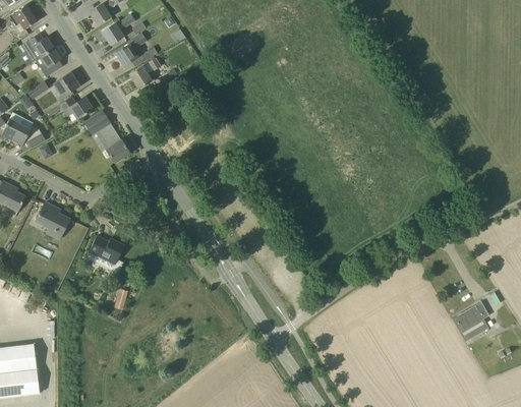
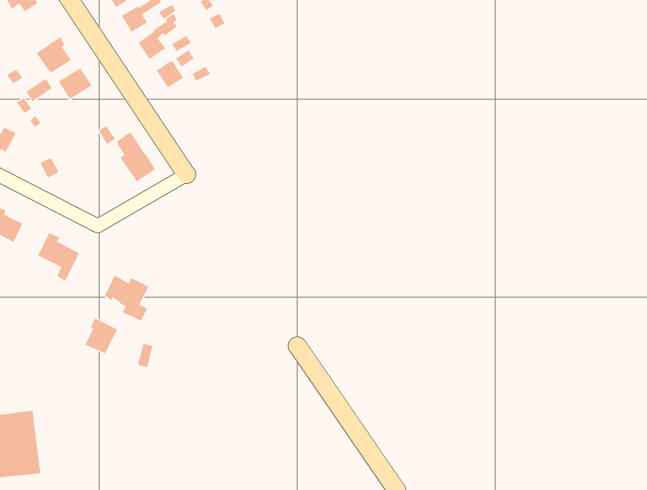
building: [20,34,54,63] -> none
building: [47,97,94,119] -> none
building: [11,124,45,148] -> none
building: none -> [85,318,118,354]
building: [453,303,487,332] -> none

